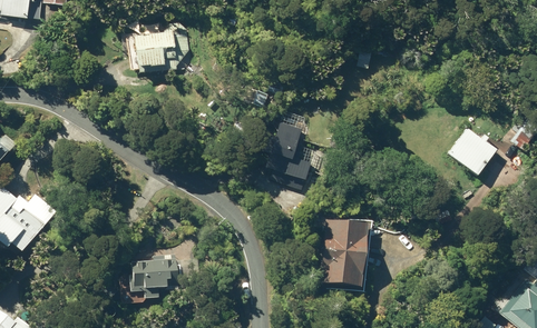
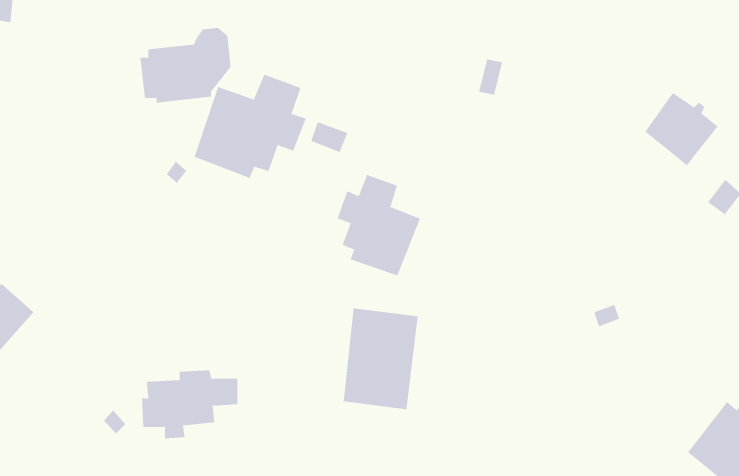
building: none -> [194,74,306,179]
building: [448,127,498,177] -> [644,92,718,166]
building: [318,219,369,288] -> [343,308,419,410]

